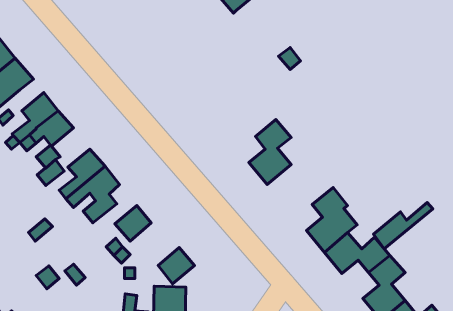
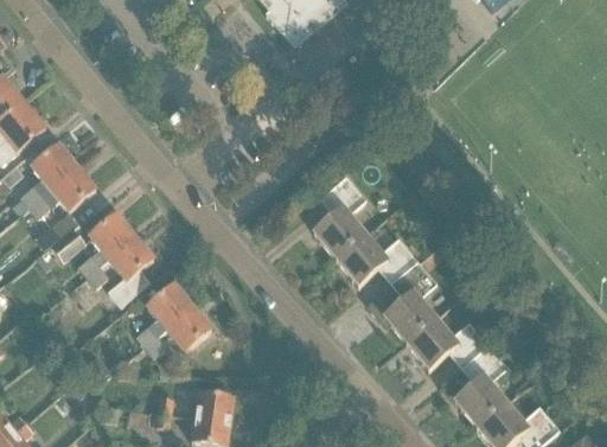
building: none -> [336,232,417,283]
building: [373,203,433,249] -> none
building: [158,247,195,284] -> [166,305,211,350]

